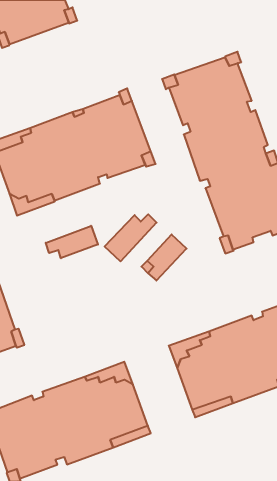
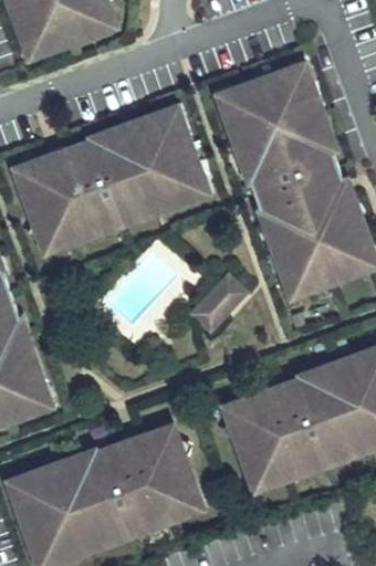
building: [105,214,157,261] -> none
building: [46,226,98,258] -> none

